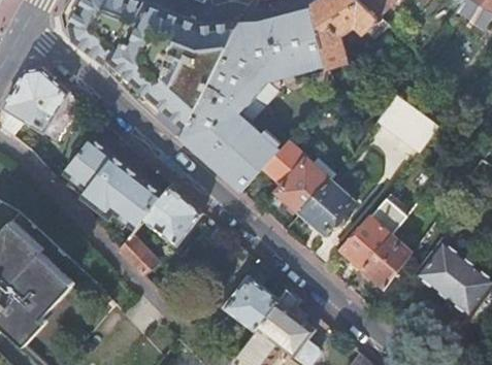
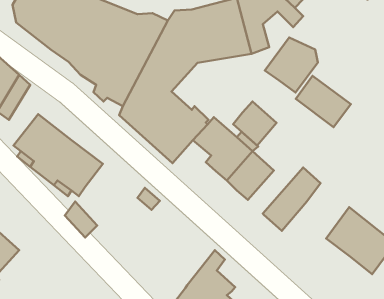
building: none -> [265,37,318,93]
building: none -> [233,102,277,146]
building: [142,184,201,246] -> none
building: [363,235,411,288] -> none
building: [224,274,280,332] -> none

